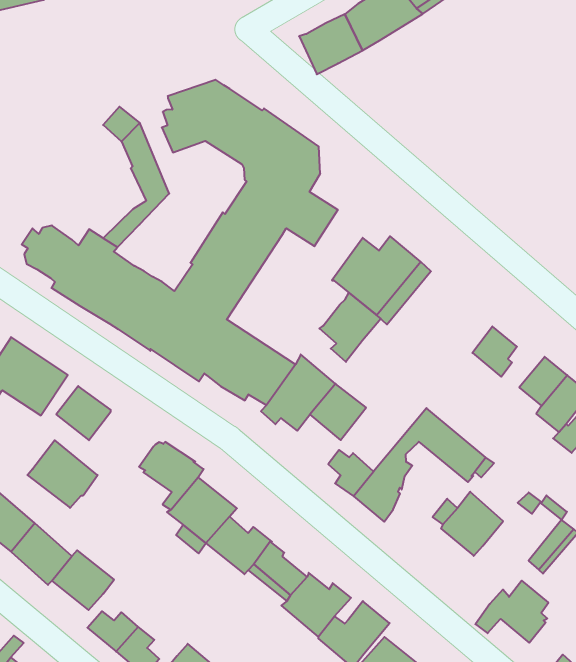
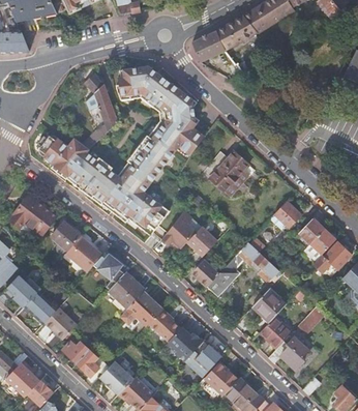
building: [319,293,381,362] -> none
building: [27,440,98,508] -> [65,235,102,271]
building: none -> [260,317,292,348]

